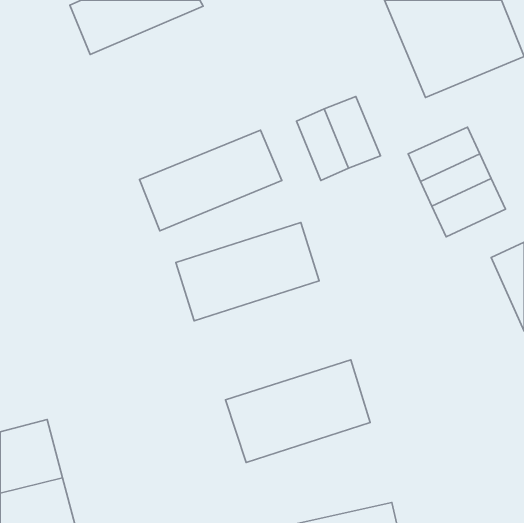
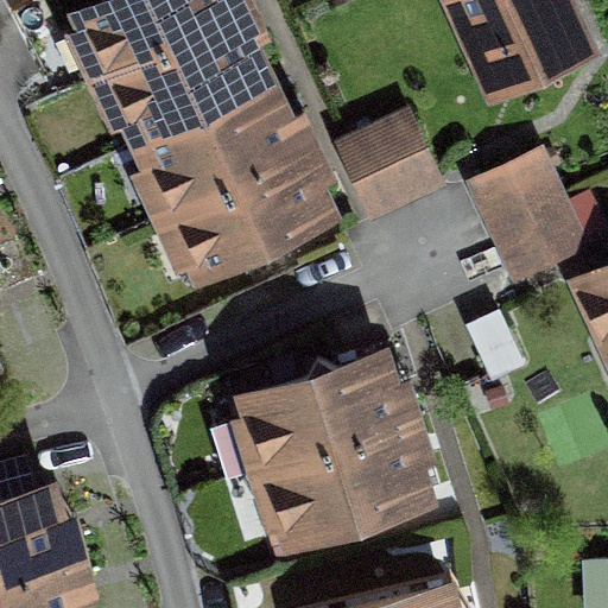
building: none -> [104,8,261,125]
building: none -> [135,90,302,209]
building: [176,222,319,321] -> [240,350,406,464]

